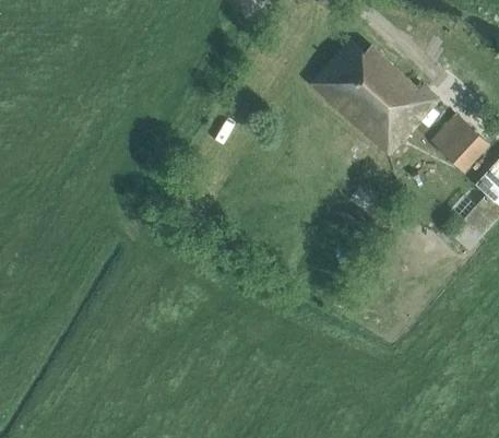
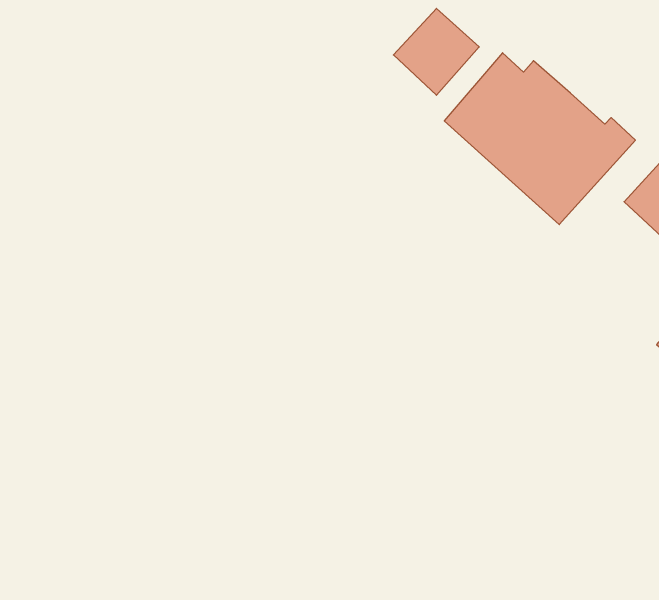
building: none -> [393,8,479,95]

